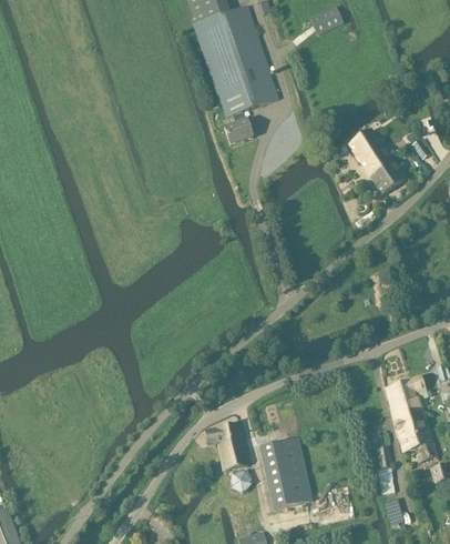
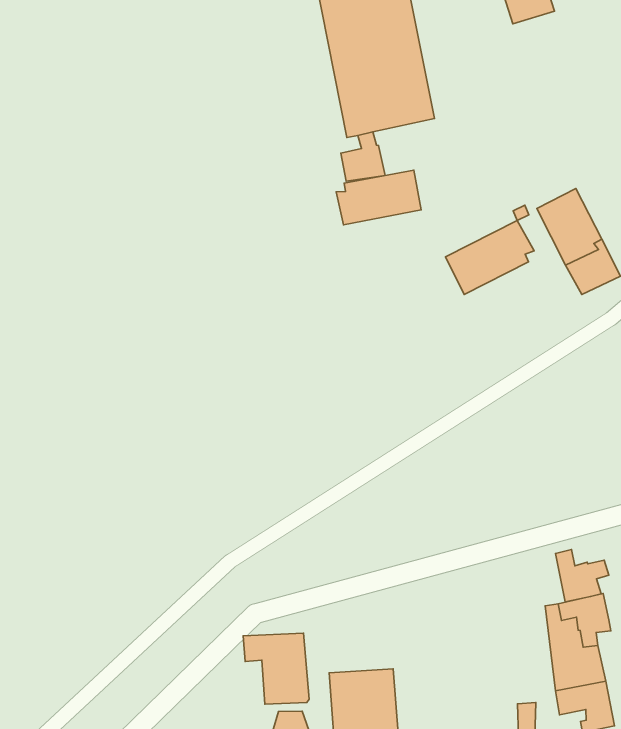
building: none -> [336,170,421,225]
building: none -> [446,220,534,295]
building: none -> [556,550,609,602]

